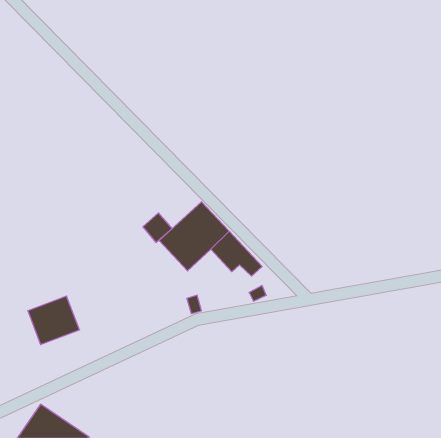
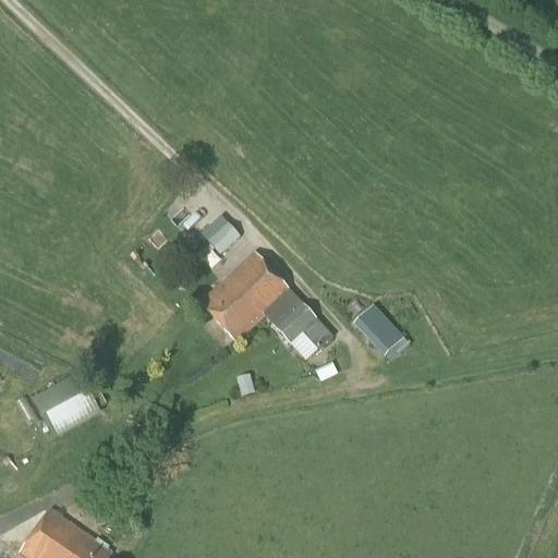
building: [143,213,172,242] -> [202,215,239,252]
building: none -> [351,303,409,361]

